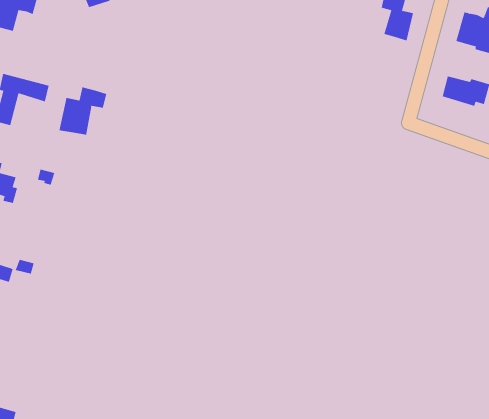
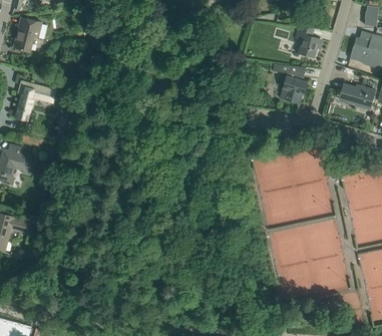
building: none -> [273,63,308,103]
building: [59,86,107,136] -> none

